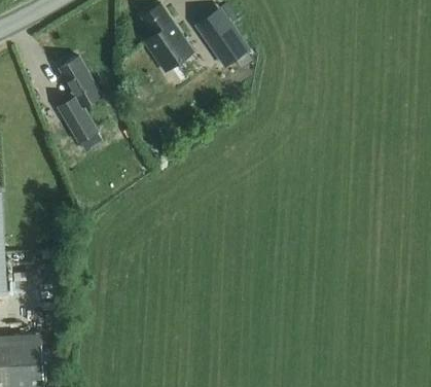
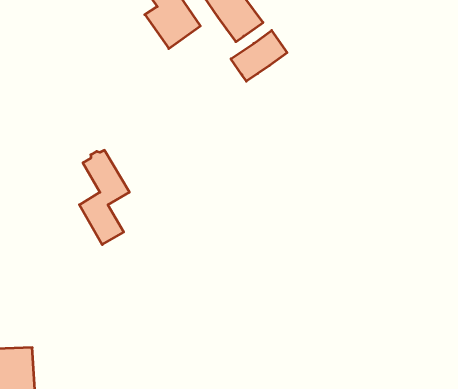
building: none -> [231,30,287,81]
building: [57,58,102,143] -> [79,150,129,245]

